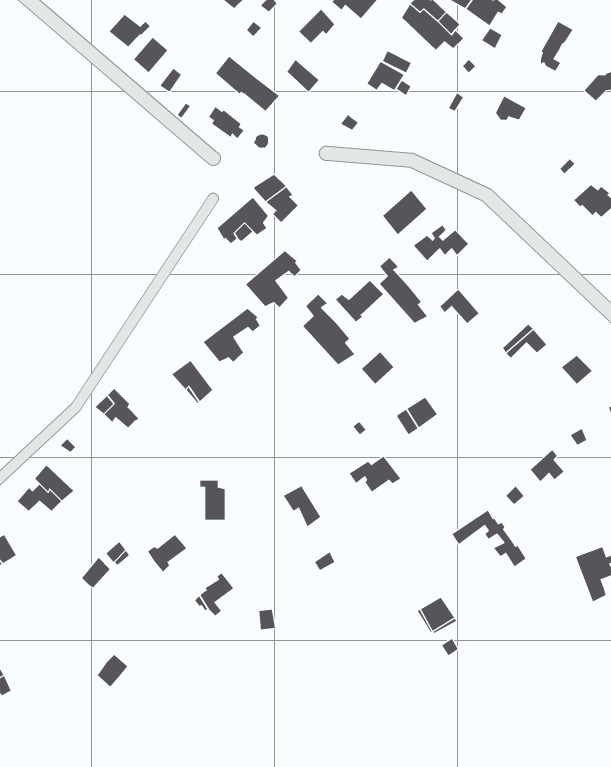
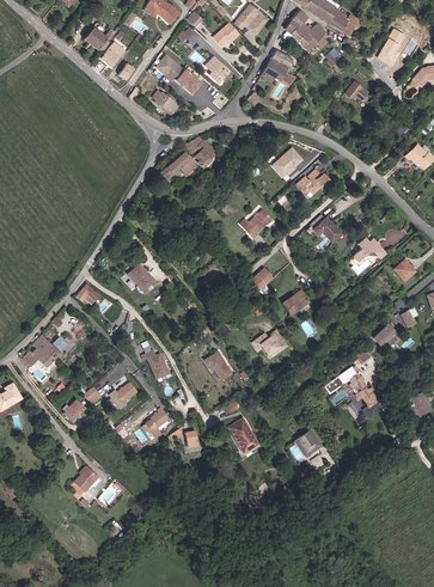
building: [245,250,301,308] -> none
building: [379,257,428,324] -> none
building: [302,294,355,365] -> none
building: [203,308,261,363] -> none
building: none -> [230,416,262,451]

